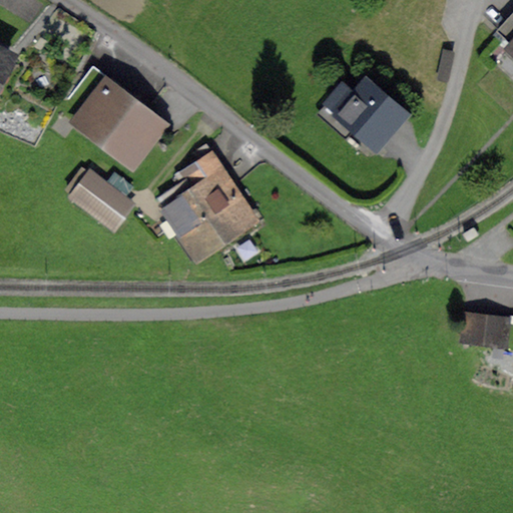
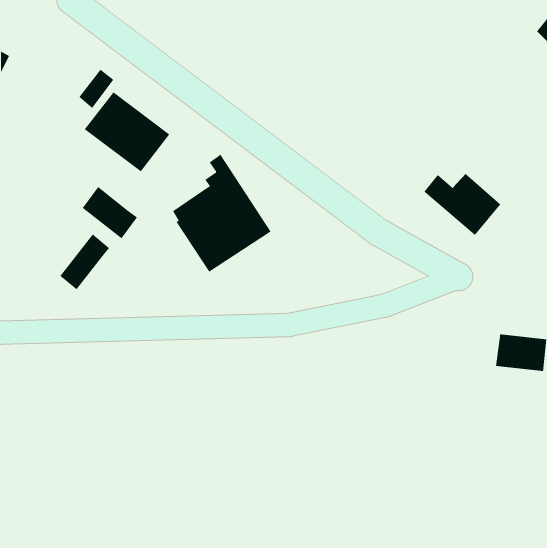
building: [332,85,404,143] -> [424,173,501,236]
building: none -> [60,234,110,290]

